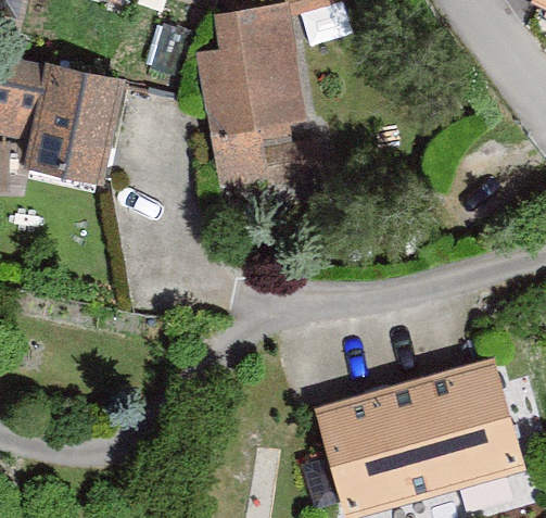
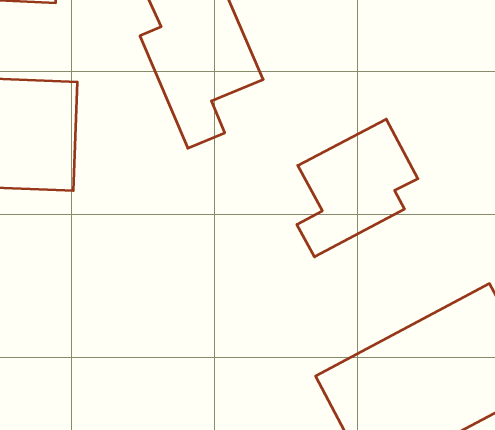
building: none -> [297,119,418,257]

